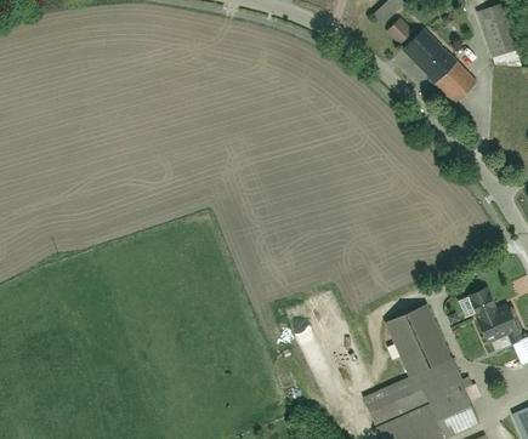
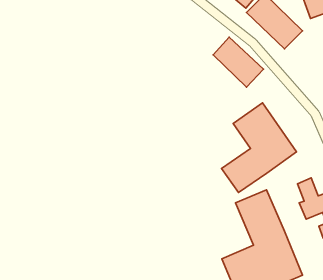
building: none -> [213,37,264,87]
building: none -> [221,103,297,192]

